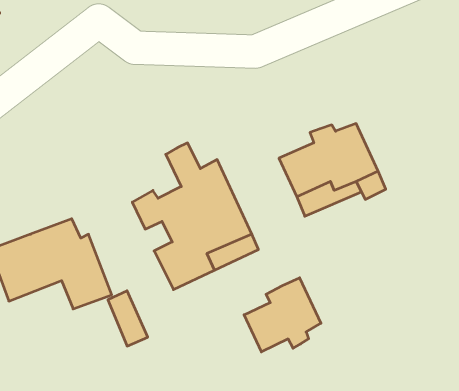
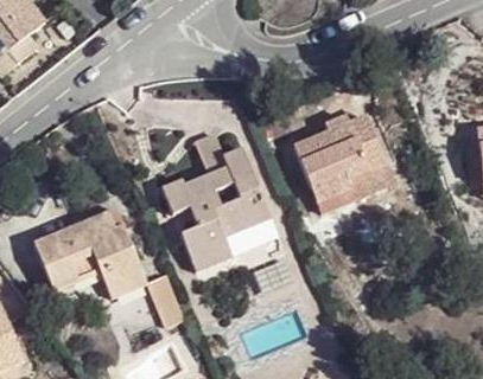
building: [244,278,321,352] -> none

